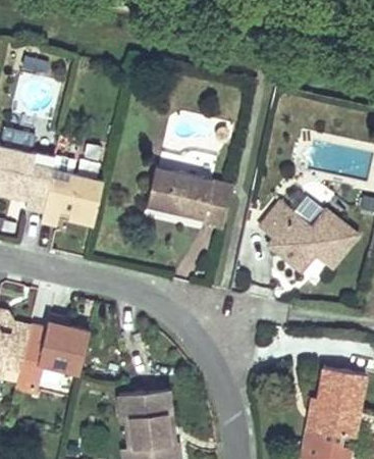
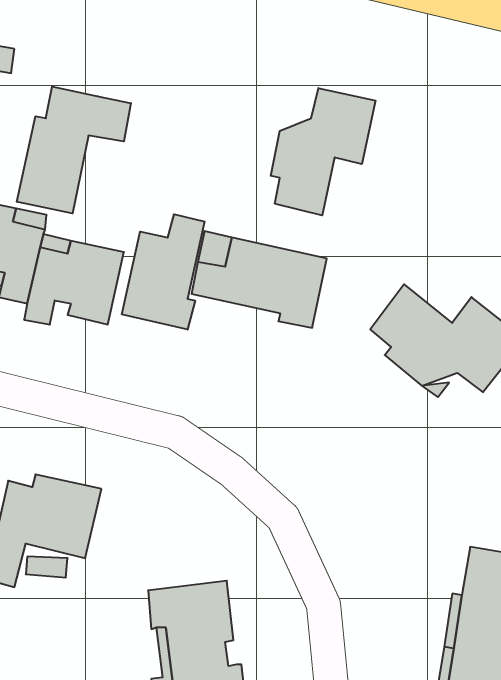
building: none -> [17,86,131,213]
building: none -> [271,88,376,215]
building: none -> [122,214,205,330]

